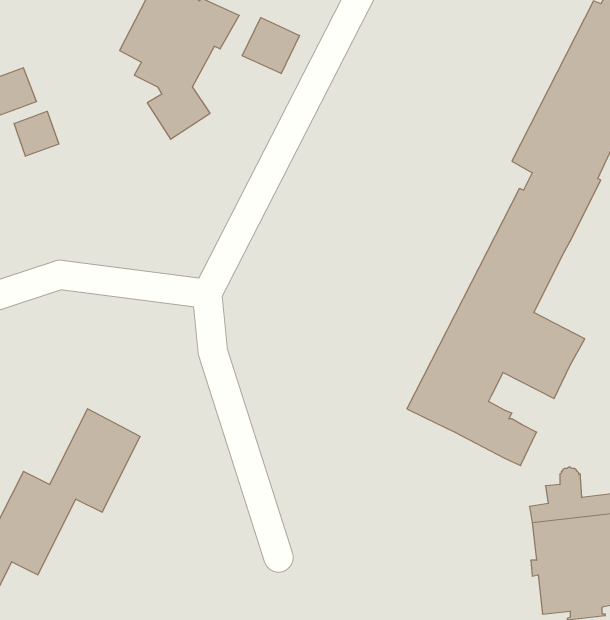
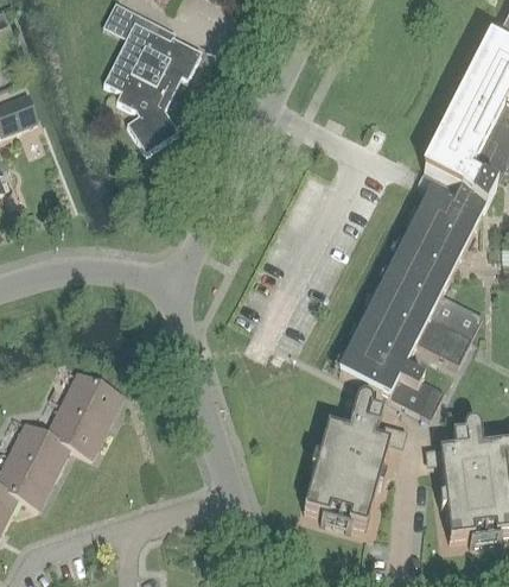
building: [242,18,299,74] -> none
building: [14,111,59,156] -> none
building: none -> [301,395,390,530]

